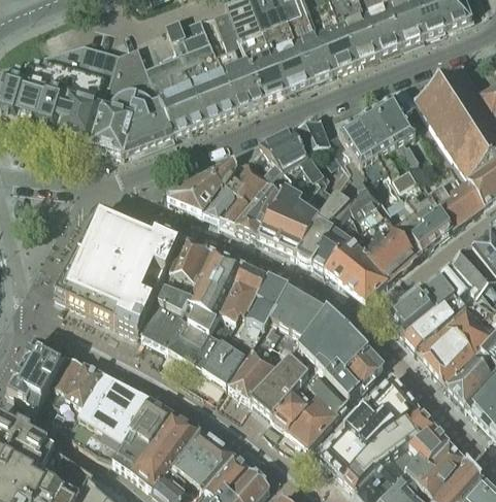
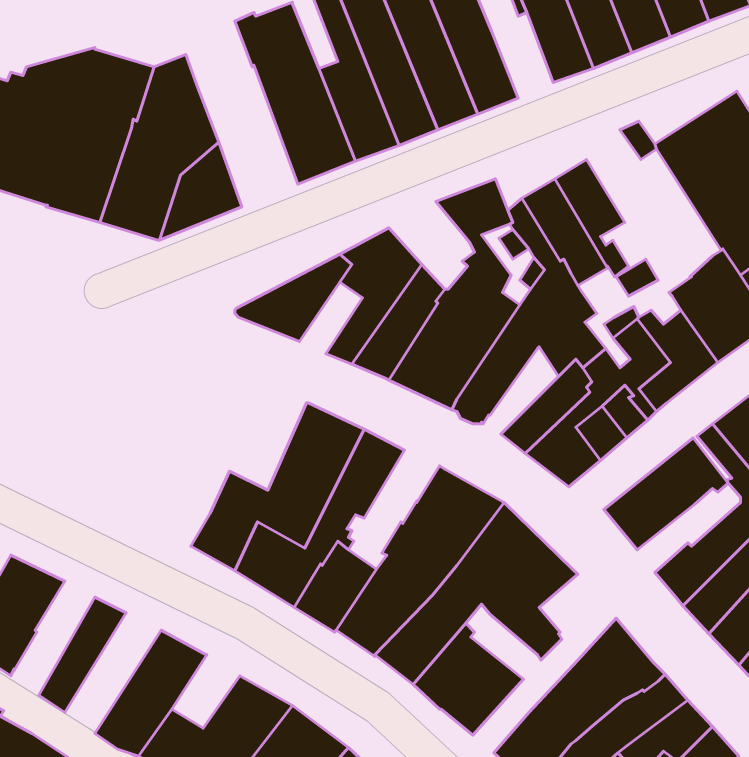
building: [320,23,356,70] -> none
building: [146,51,205,134] -> none
building: [375,97,419,163] -> none
building: [259,131,309,182] -> none
building: [206,178,243,221] -> none
building: [56,209,181,332] -> none
building: [315,216,359,268] -> none
building: [165,240,210,301] -> none
building: [234,277,289,347] -> none
building: [405,297,466,349] -> none
building: [348,350,385,389] -> none
building: [45,355,86,422] -> none
building: [68,373,125,444] -> none
building: [307,374,349,412] -> none
building: [131,398,171,441] -> none

